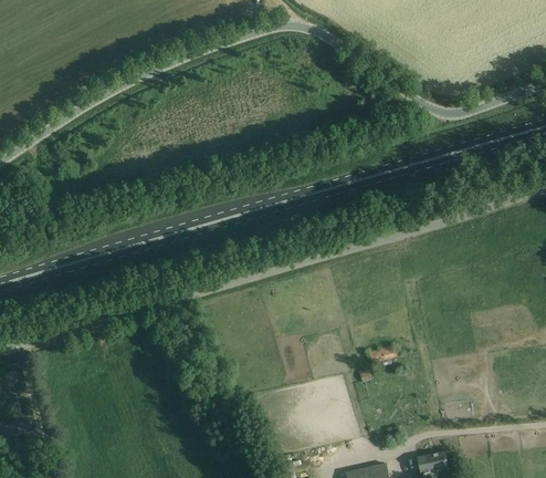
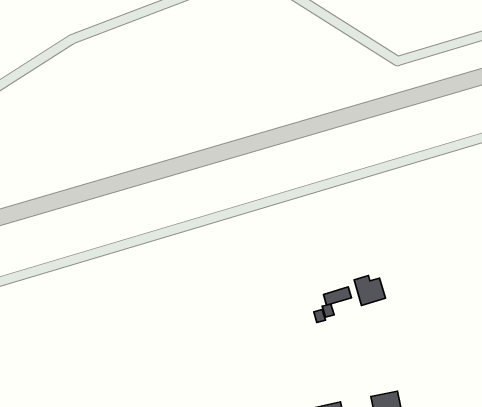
building: none -> [354,275,386,305]

